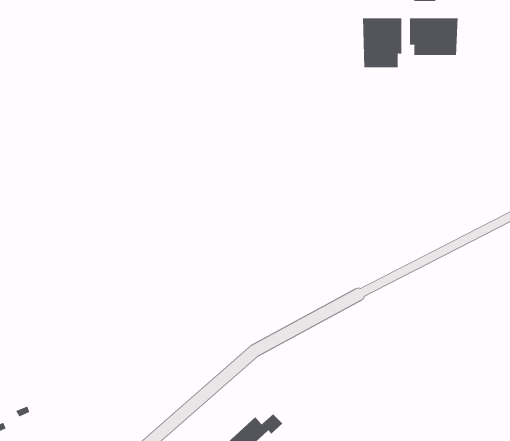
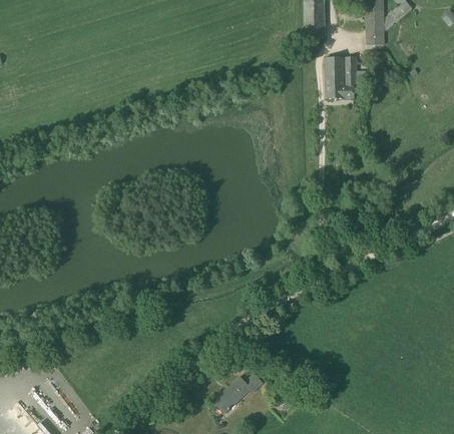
building: [409,18,458,56] -> none

